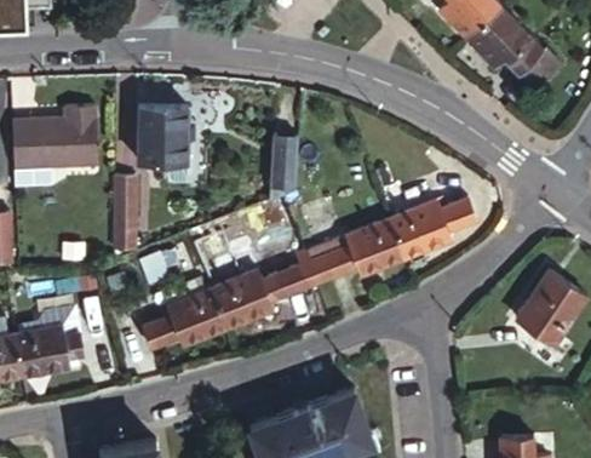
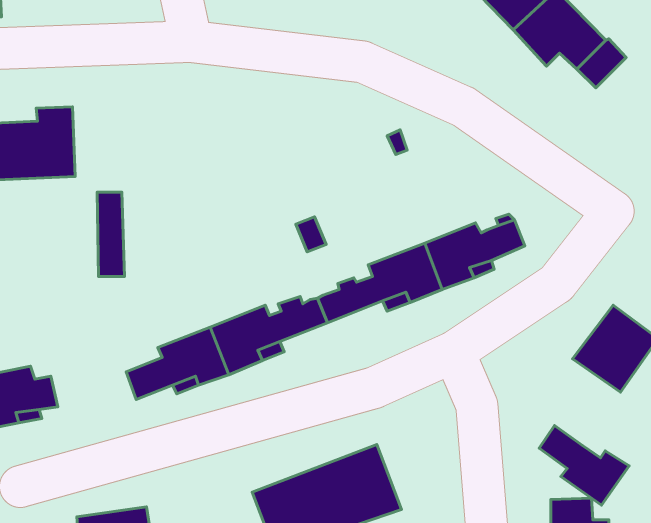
building: [137,107,189,161] -> none
building: [269,131,300,199] -> none
building: none -> [539,426,629,505]

